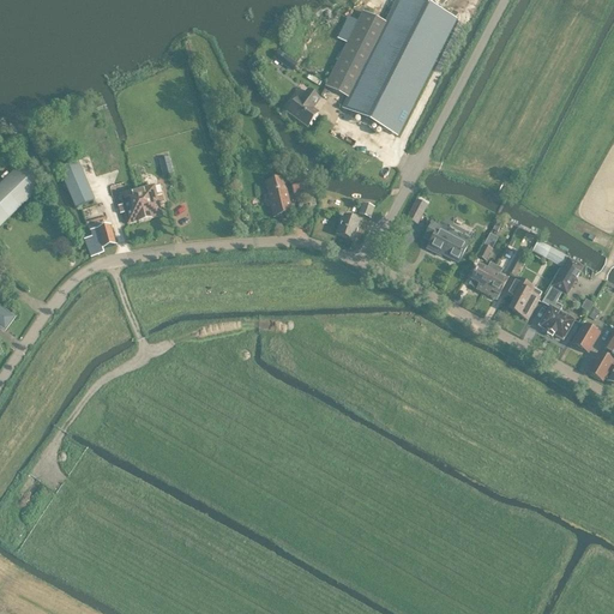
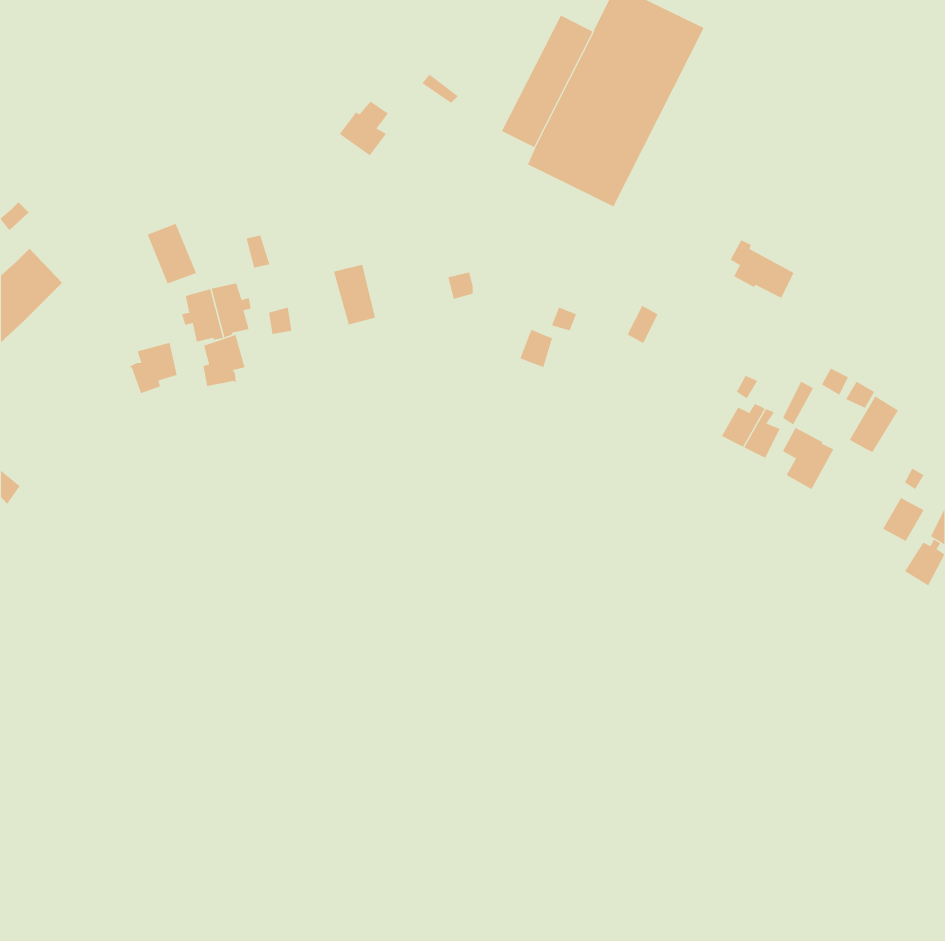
building: [287,89,319,125] -> [339,101,389,156]
building: [62,165,95,205] -> [147,223,197,284]
building: [264,176,291,216] -> [333,264,376,325]
building: none -> [203,334,245,387]
building: [425,222,466,260] -> [730,239,795,299]
building: [538,285,574,338] -> none

